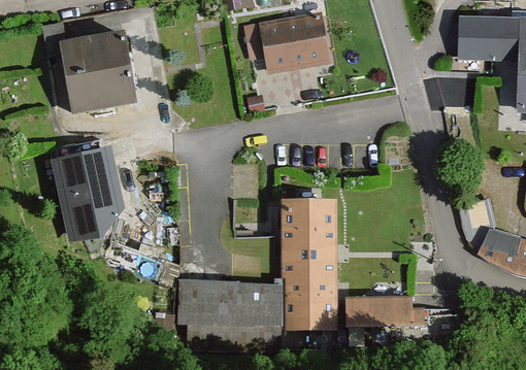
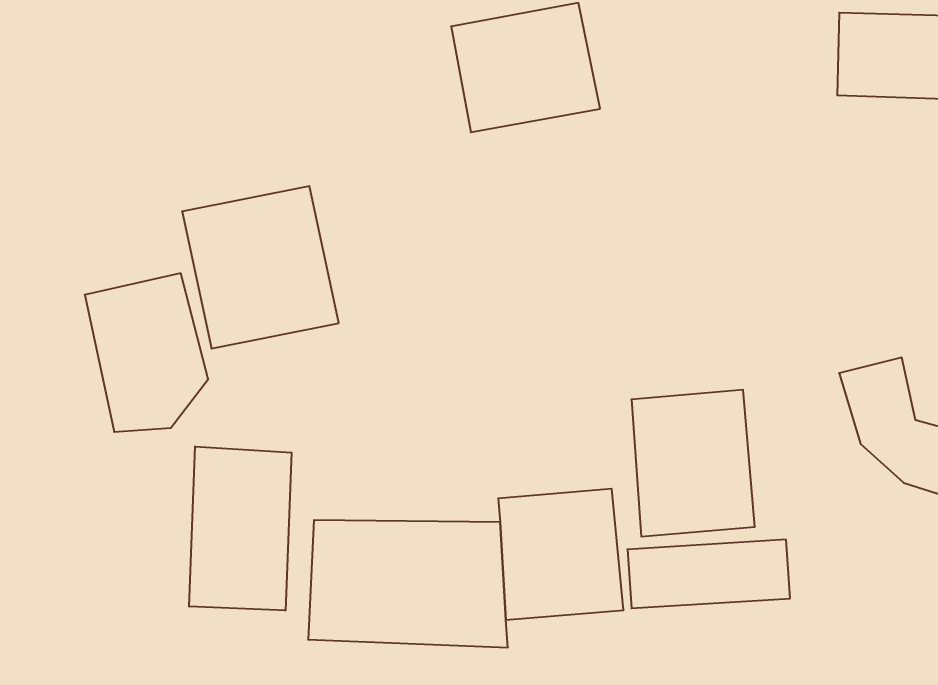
building: [54,33,136,119] -> [182,186,339,349]
building: [272,192,337,269] -> [631,390,755,537]
building: none -> [189,446,292,611]

